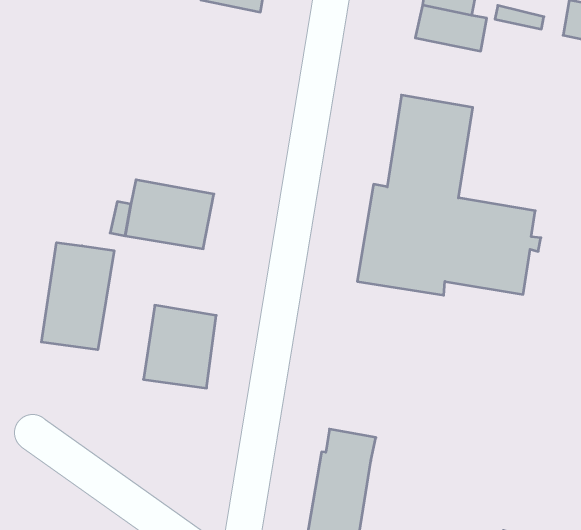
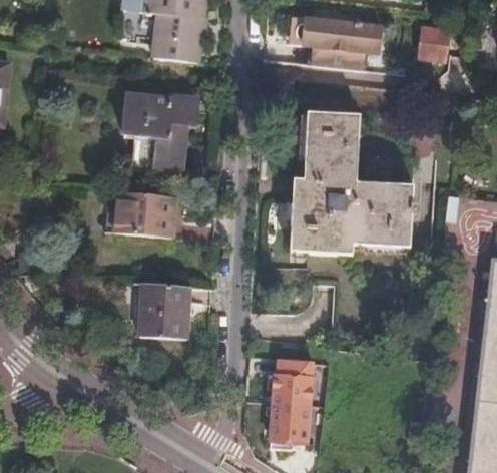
building: none -> [125,93,192,174]
building: [41,243,114,350] -> none

